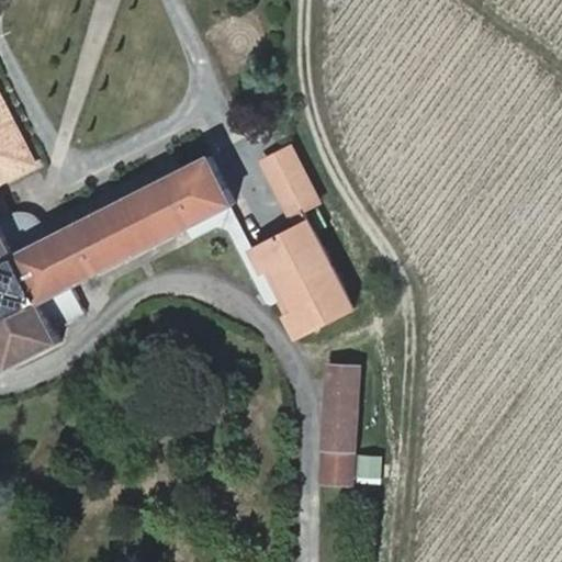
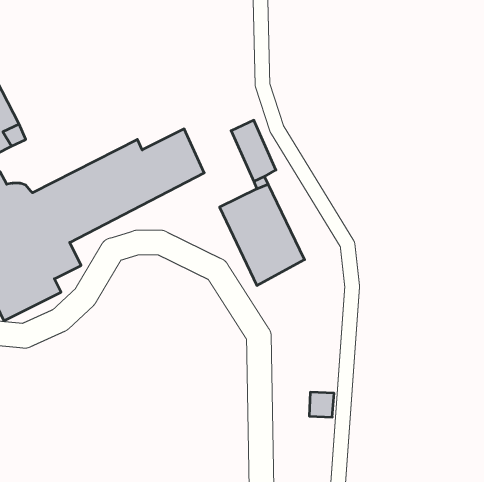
building: [317,367,355,485] -> none

